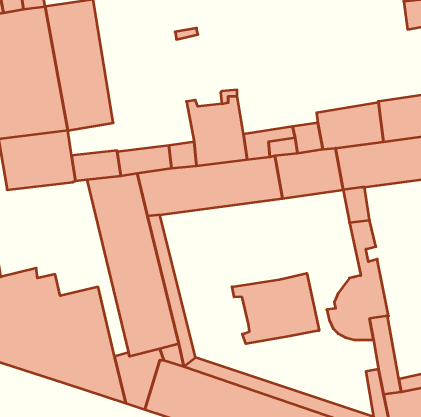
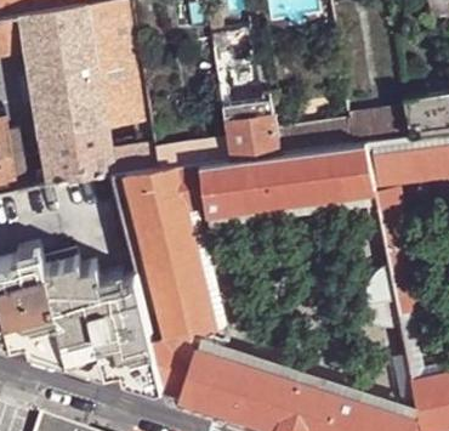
building: [232,273,319,344] -> none

